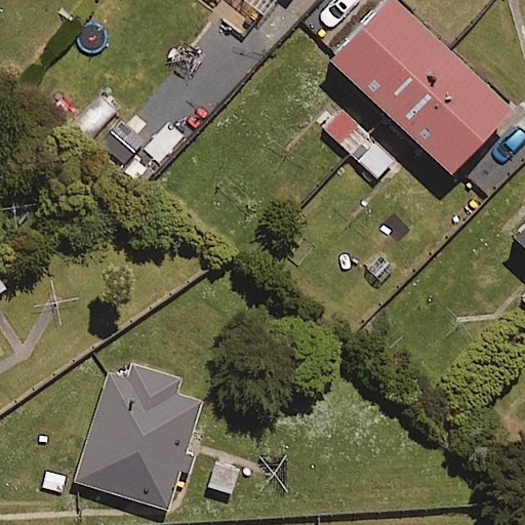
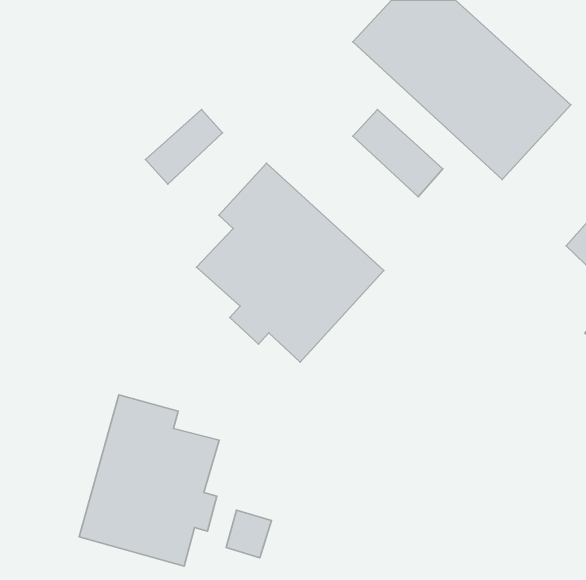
building: none -> [196,163,384,362]

